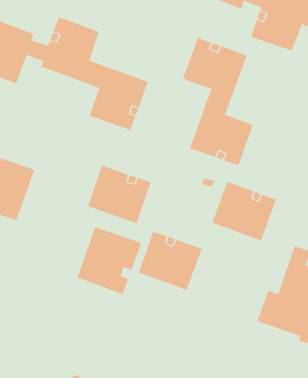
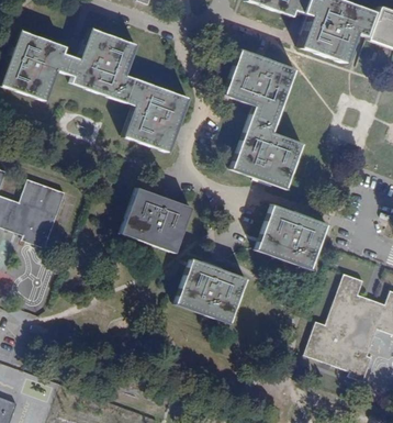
building: [77,226,142,295] -> none

